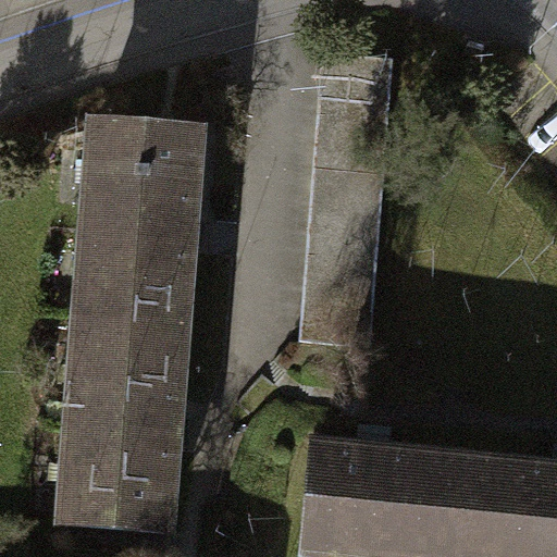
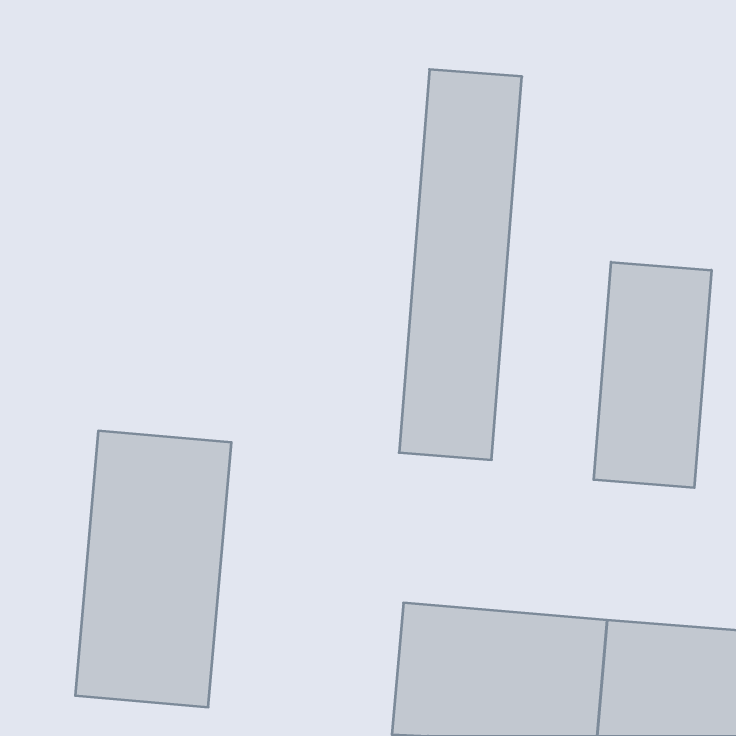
building: [76,126,195,333] -> none
building: none -> [594,262,711,488]

